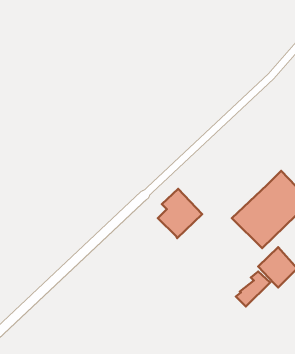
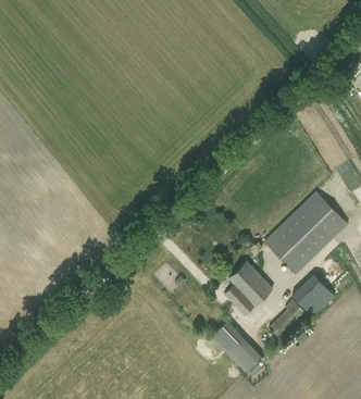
building: [158,189,202,238] -> [224,261,272,314]
building: none -> [210,320,262,372]

